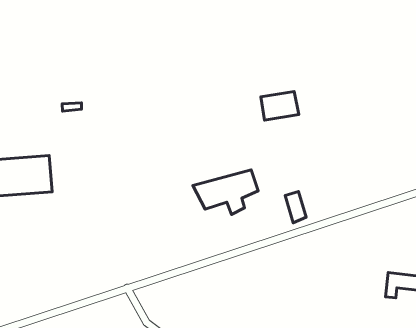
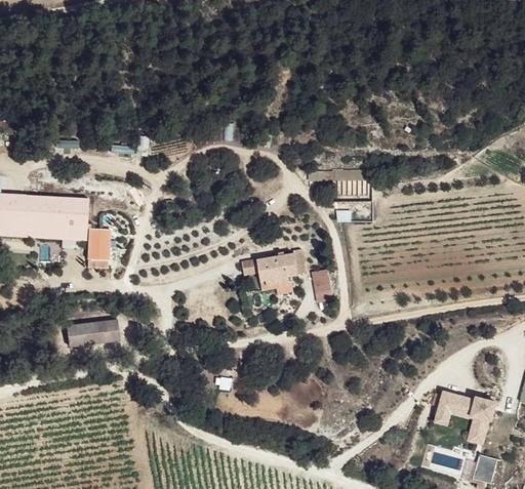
building: none -> [86,230,110,260]
building: [285,192,306,223] -> [312,274,331,308]
building: none -> [66,322,119,348]

